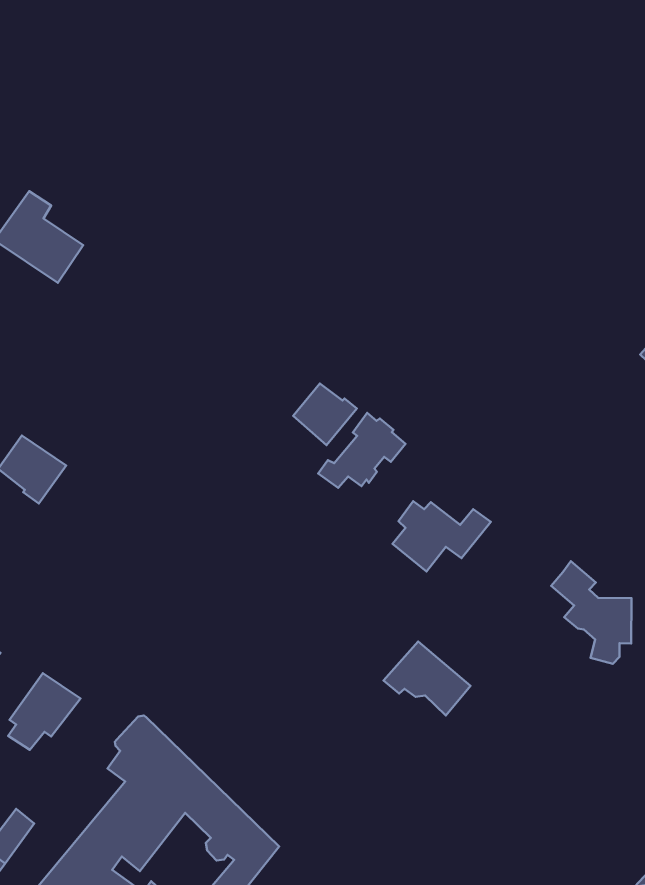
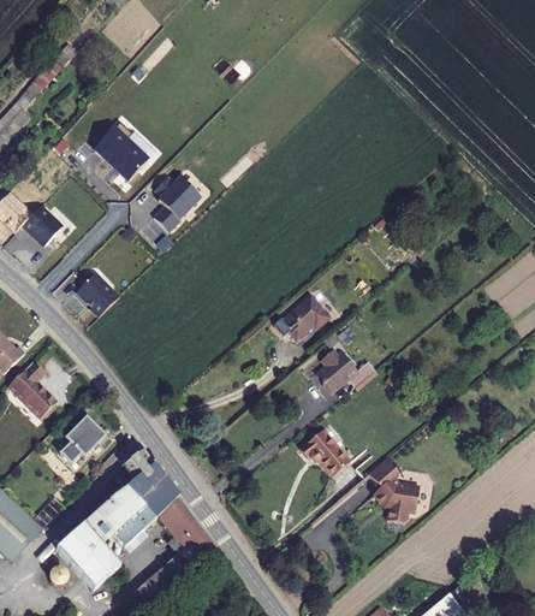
building: none -> [151,178,200,232]
building: [293,384,357,445] -> none
building: [551,561,632,664] -> [365,462,414,529]

